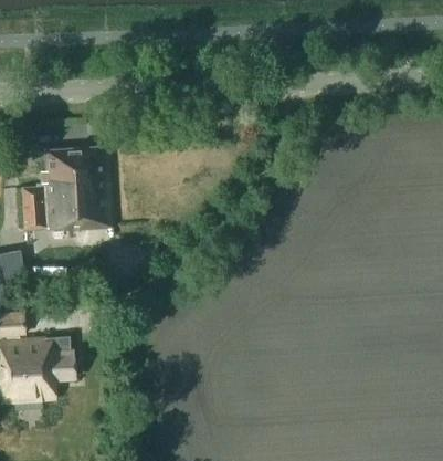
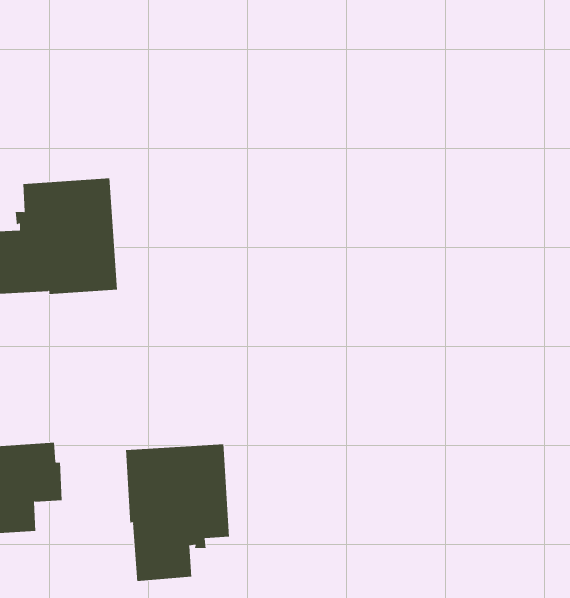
building: none -> [125,444,229,582]

